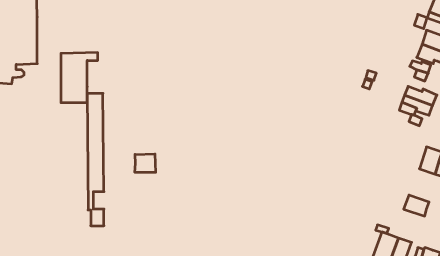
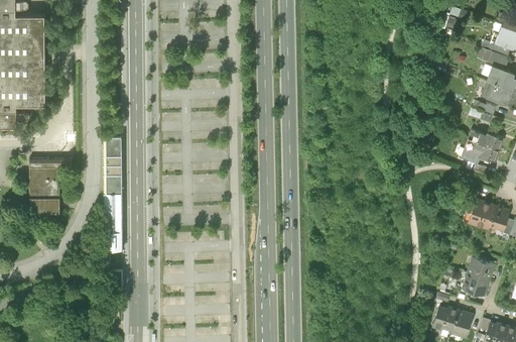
building: [61,53,98,103] -> [28,159,71,217]
building: none -> [466,196,492,227]
building: [135,154,156,172] -> none
building: none -> [461,273,490,298]

